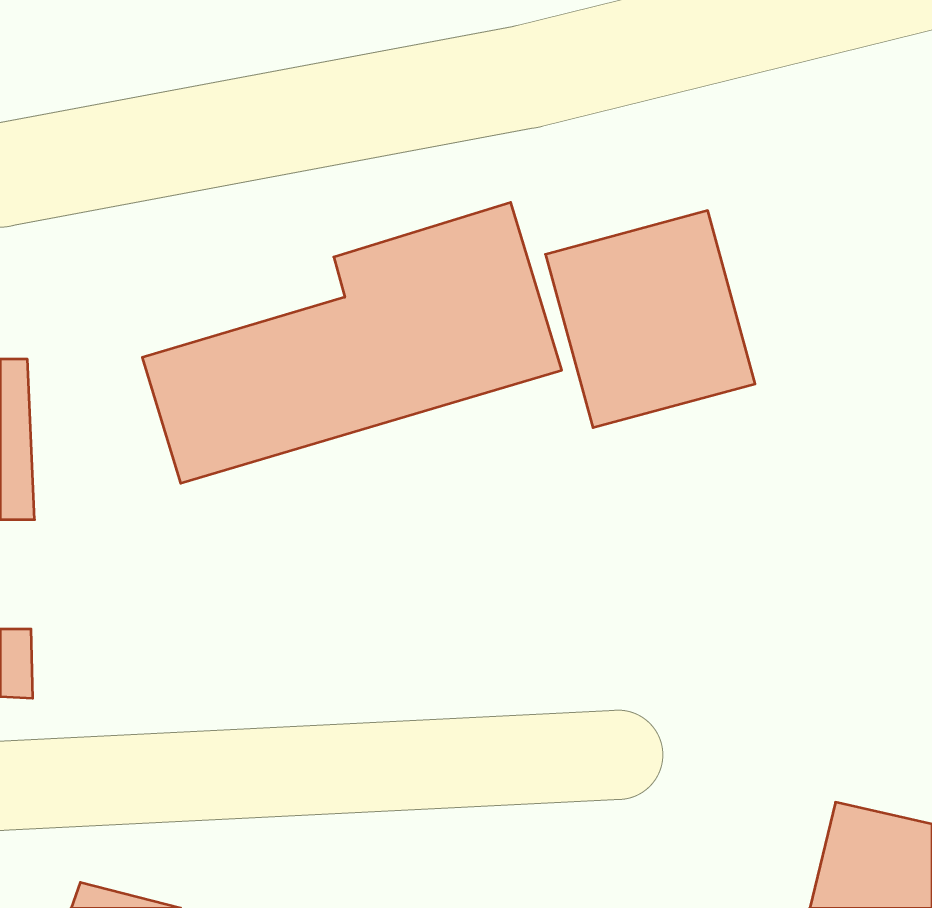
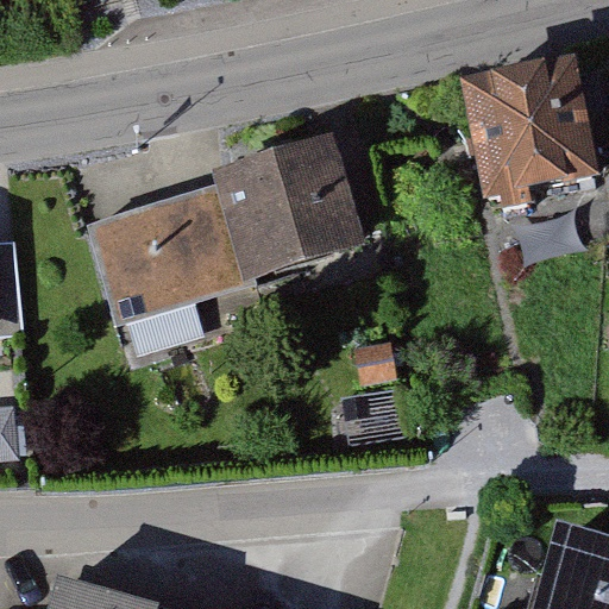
building: [545,211,755,428] -> [456,59,592,201]

